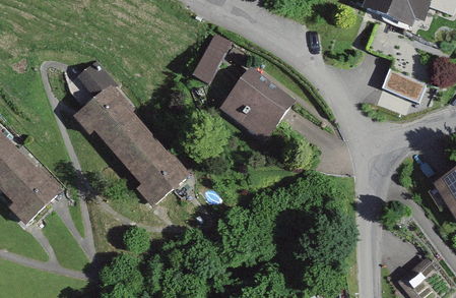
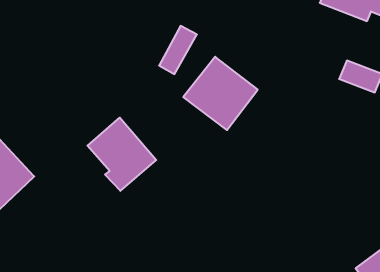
building: [73,64,150,158] -> none

